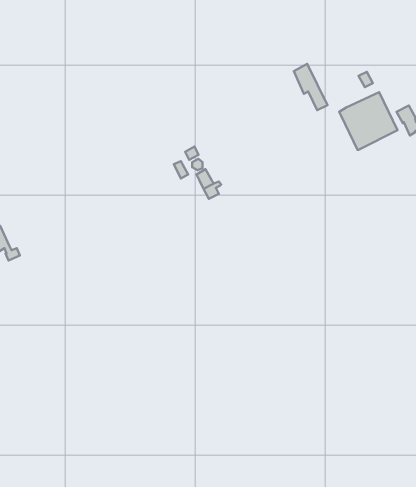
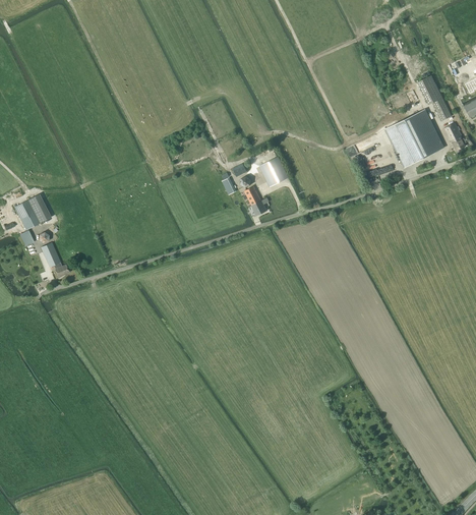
building: [294,64,328,110] -> [418,74,452,120]
building: none -> [259,156,288,185]

